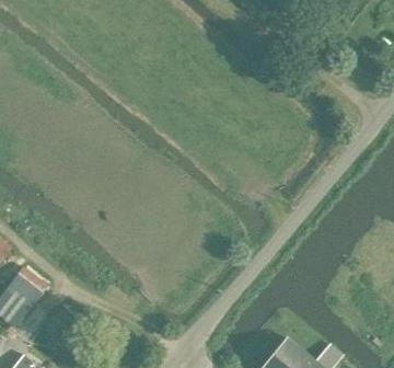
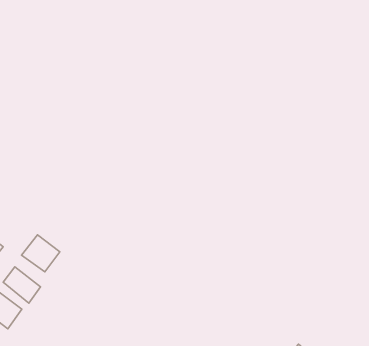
building: none -> [21,235,60,272]

